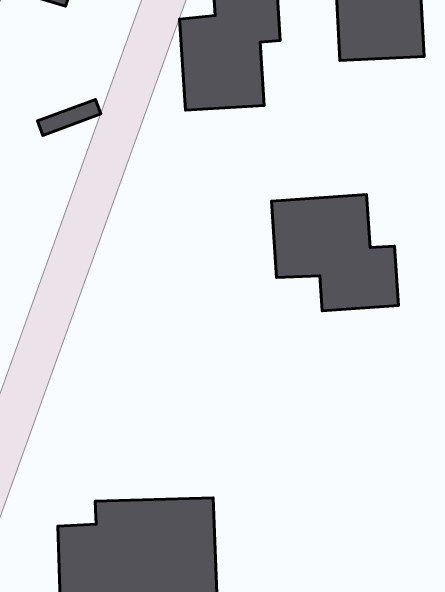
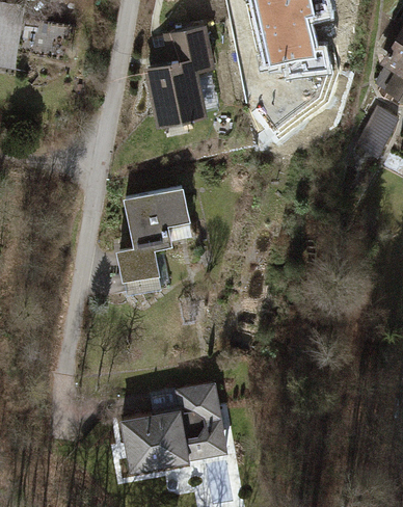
building: [272,195,399,311] -> none
building: none -> [113,182,197,288]

